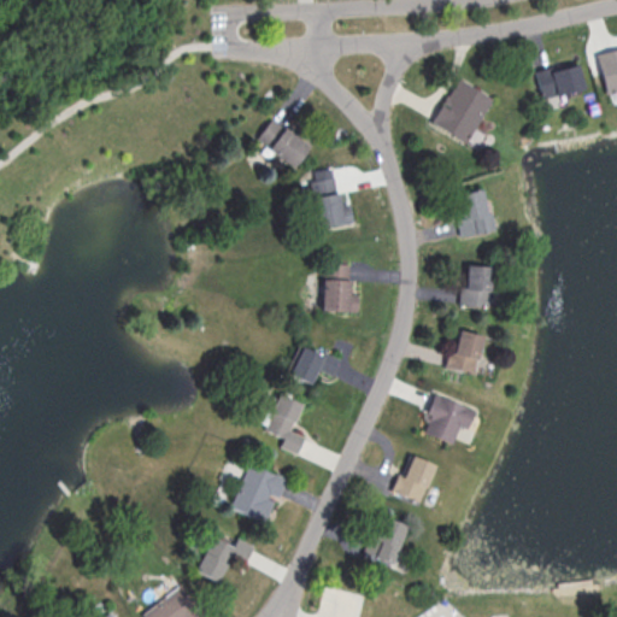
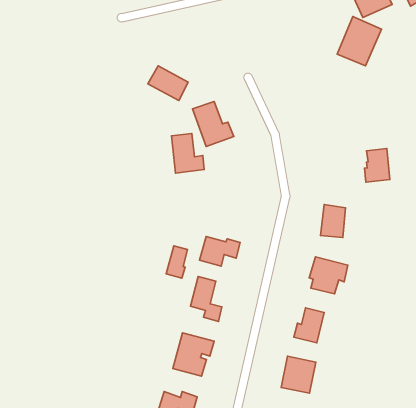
building: [433,78,494,143] -> [337,17,381,66]
building: [452,190,496,239] -> none
building: [323,264,362,313] -> [171,134,204,173]
building: [460,266,494,307] -> [364,149,390,182]
building: none -> [166,246,187,278]

